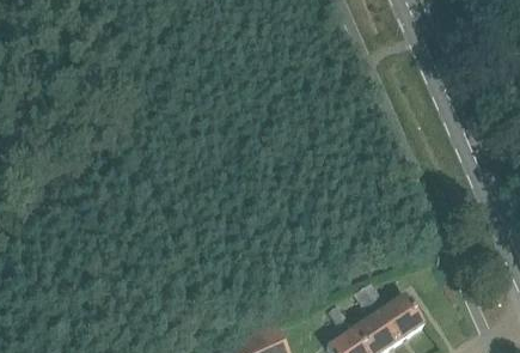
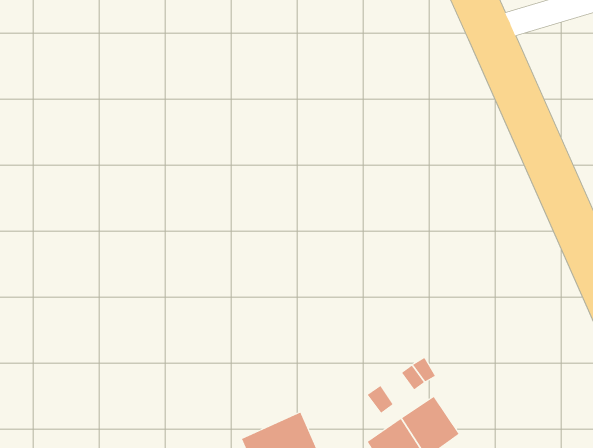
building: [378,294,424,341] -> none

